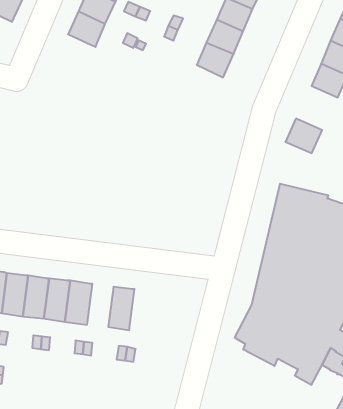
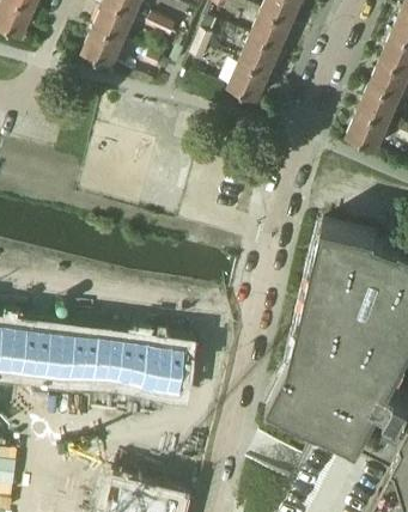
building: [285,119,322,153] -> [347,112,389,152]
building: none -> [104,337,134,386]
building: none -> [152,343,184,394]

